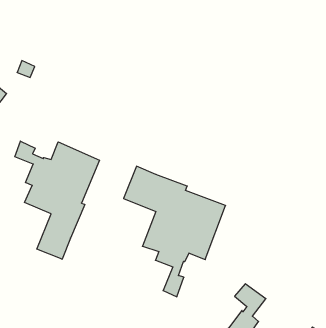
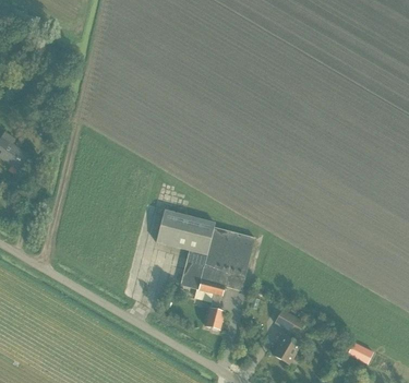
building: [15,141,99,259] -> none

